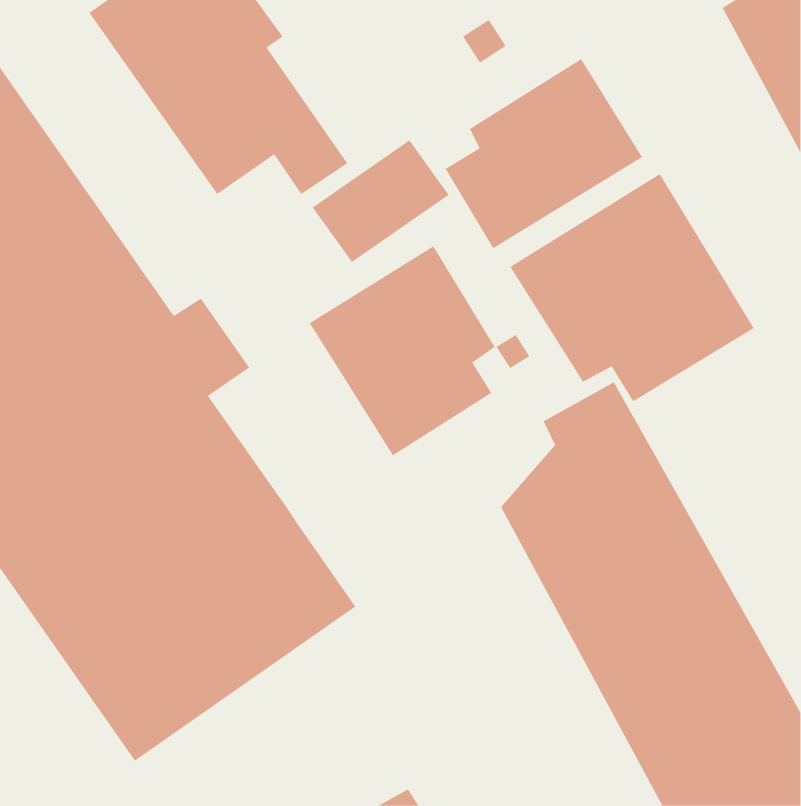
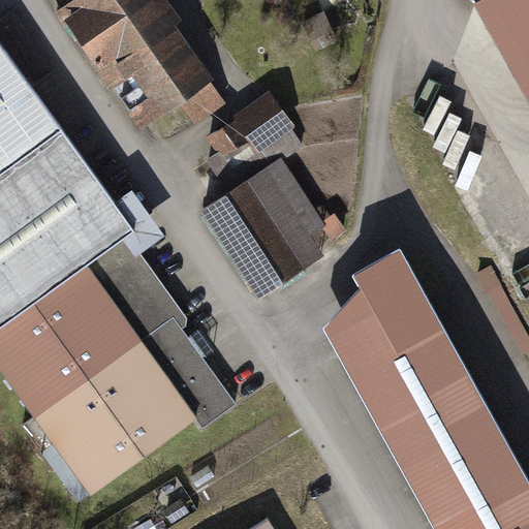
building: [445,58,643,249] -> none
building: [509,173,754,402] -> none

